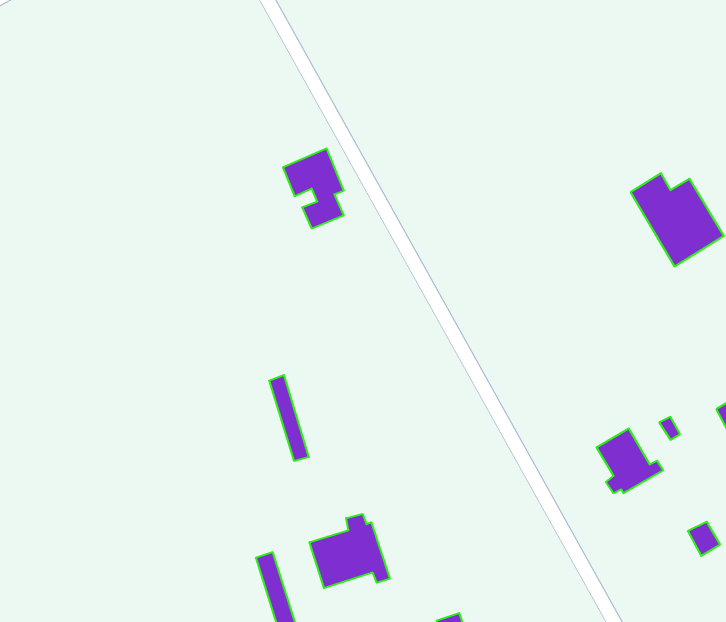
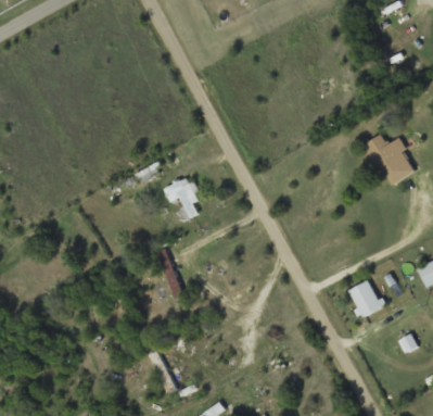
building: [283,148,344,228] -> [165,177,200,223]
building: [310,514,390,588] -> none

